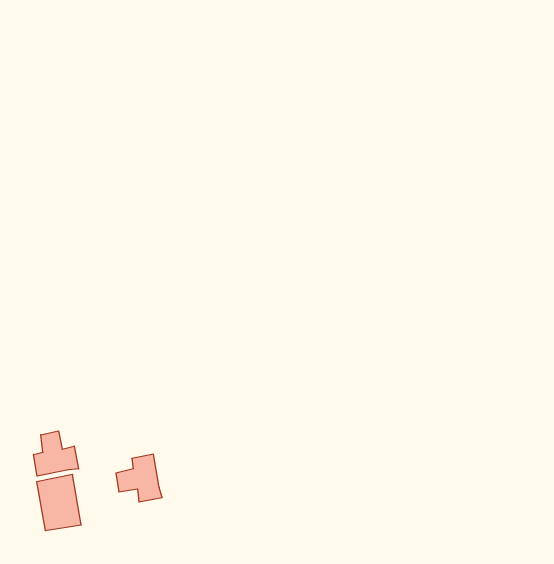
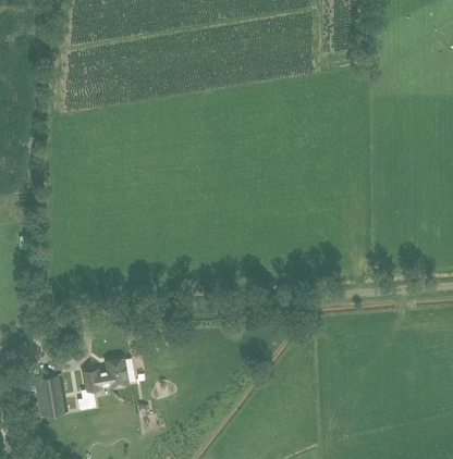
building: [34,431,79,476] -> none

